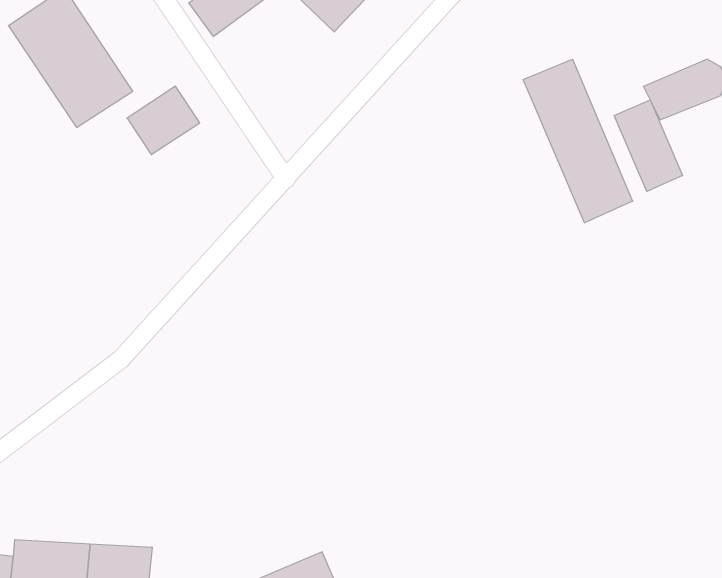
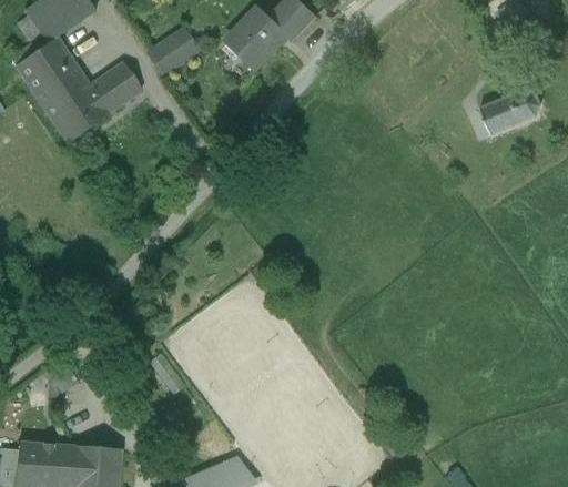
building: [523,59,633,223] -> none
building: [127,86,200,155] -> [89,63,142,113]
building: [614,100,683,191] -> none

